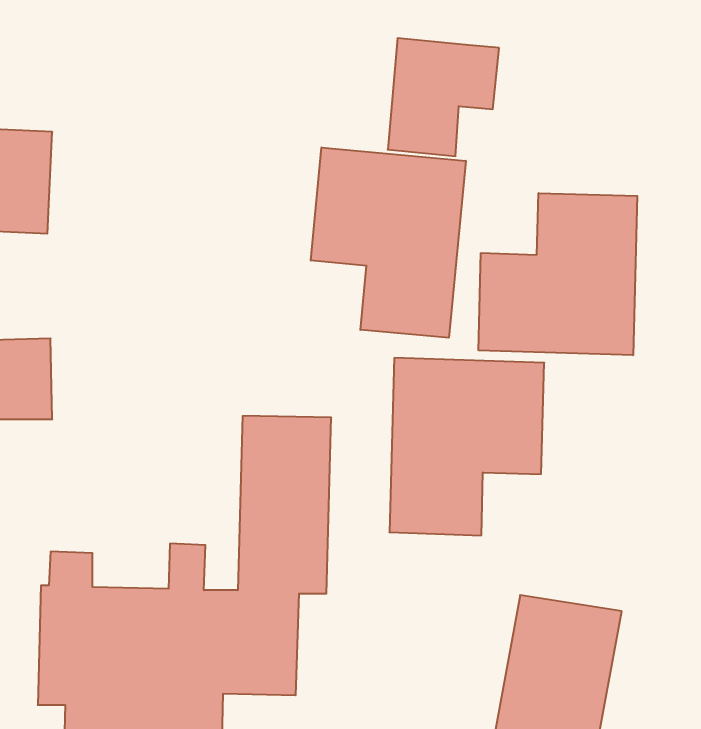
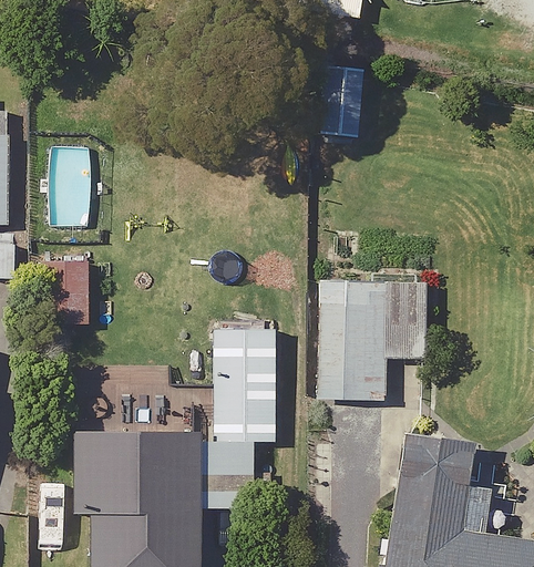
building: [311,147,466,338] -> none
building: [479,193,637,355] -> none

